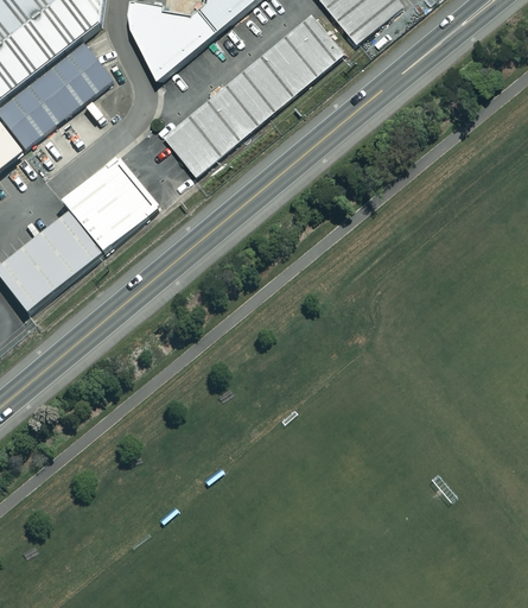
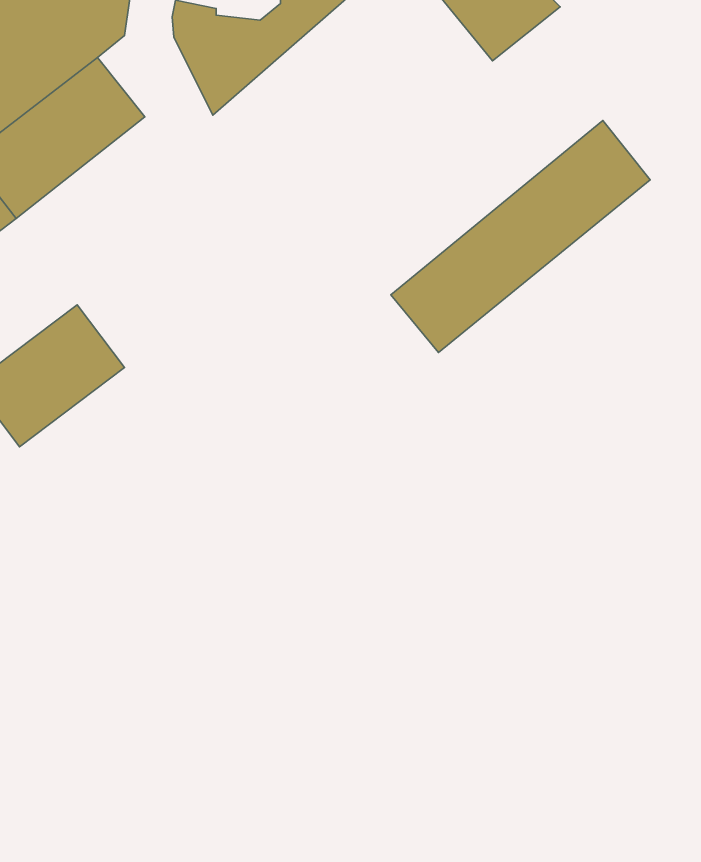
building: [161,13,343,176] -> [391,120,650,352]
building: [63,159,154,251] -> none

